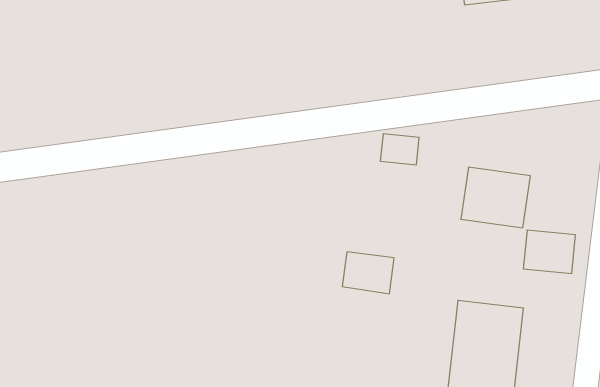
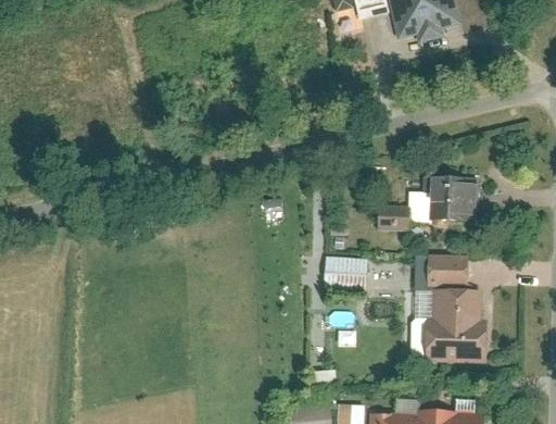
building: [380,134,419,165] -> [379,207,410,230]
building: [523,230,576,273] -> [425,257,467,290]

